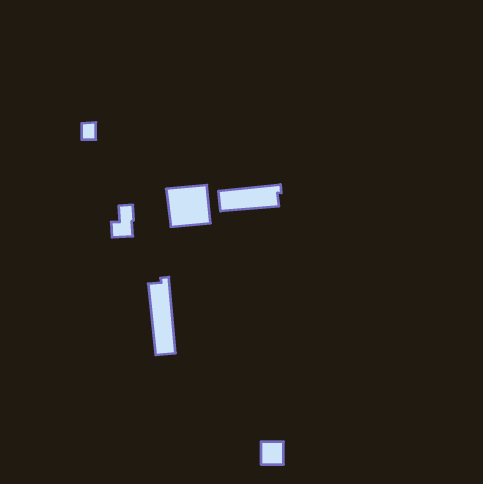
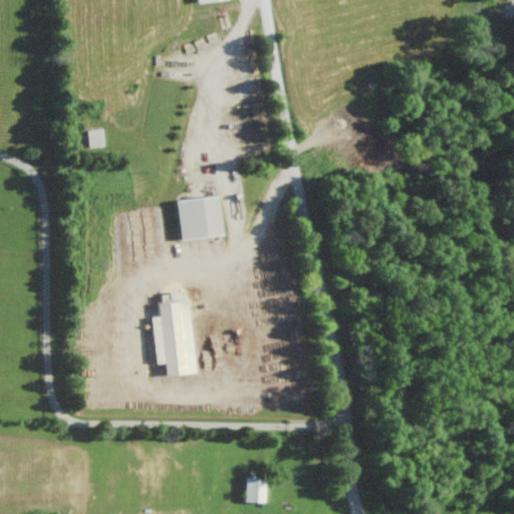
building: [219,184,281,211] -> none
building: [261,442,284,464] -> [243,479,267,503]

